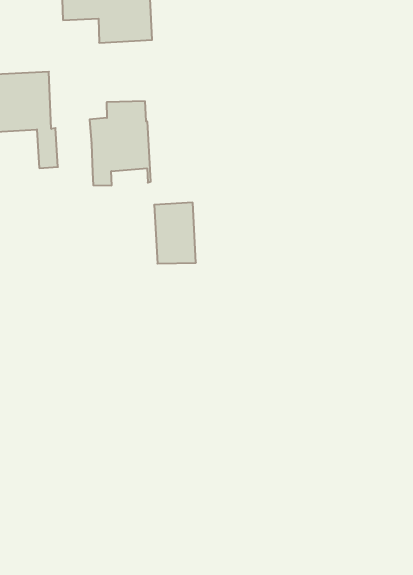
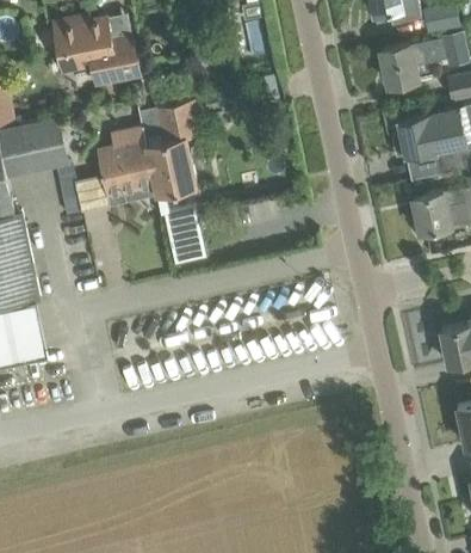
building: none -> [141,103,200,196]

